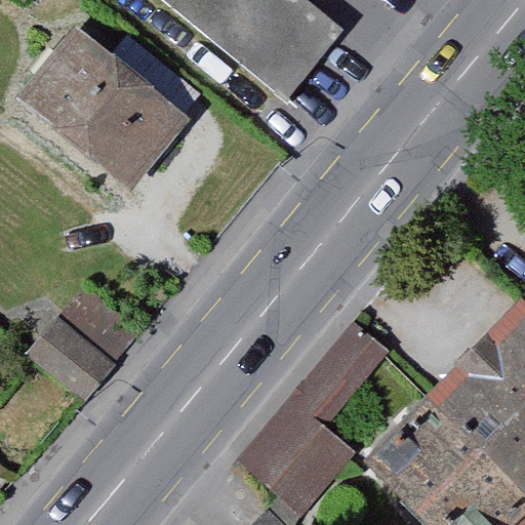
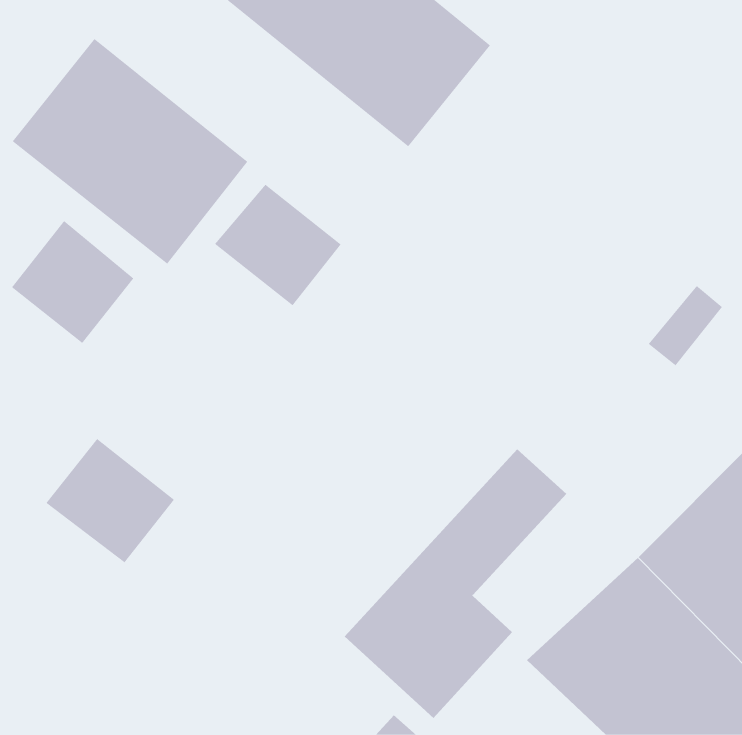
building: none -> [214,184,341,306]
building: none -> [11,220,134,344]

